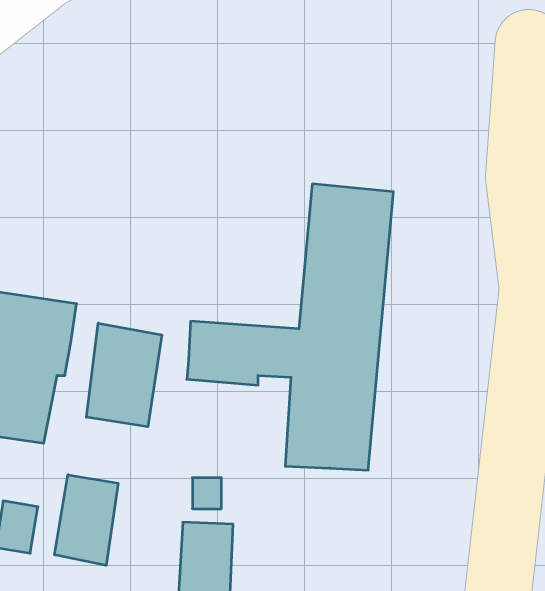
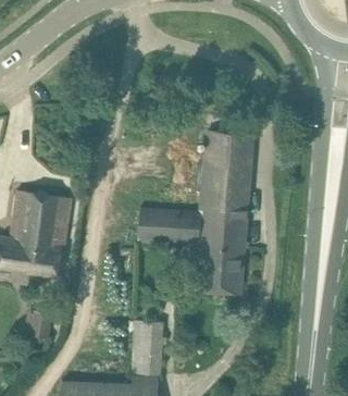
building: [86,323,162,427] -> none
building: [55,475,118,565] -> none

